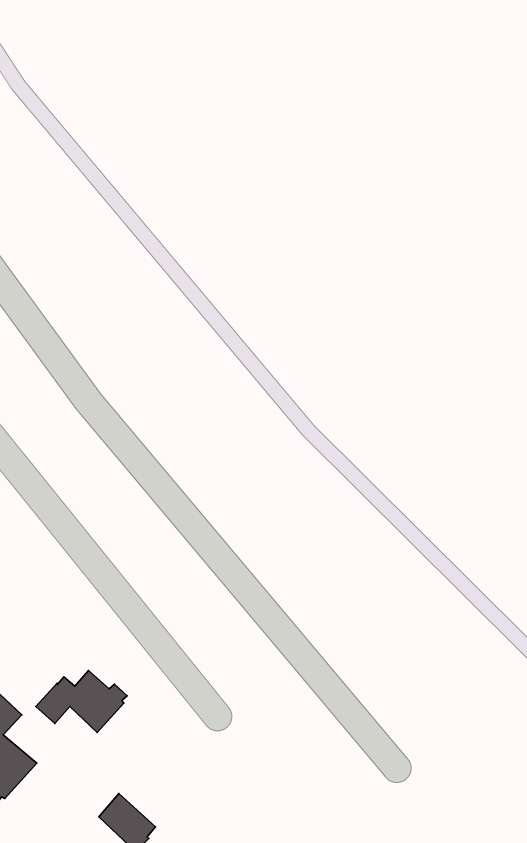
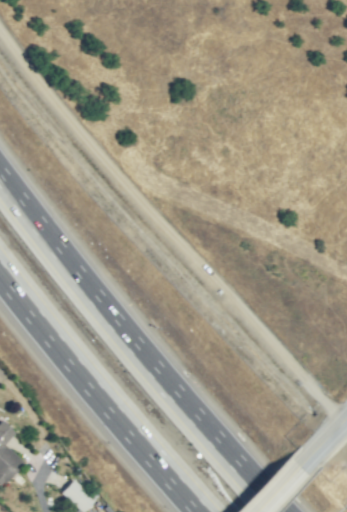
building: [36,671,127,733] -> none

